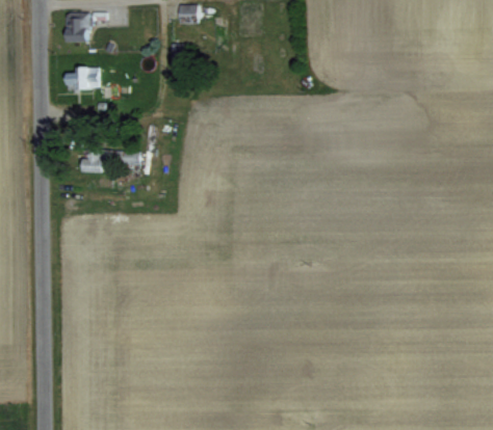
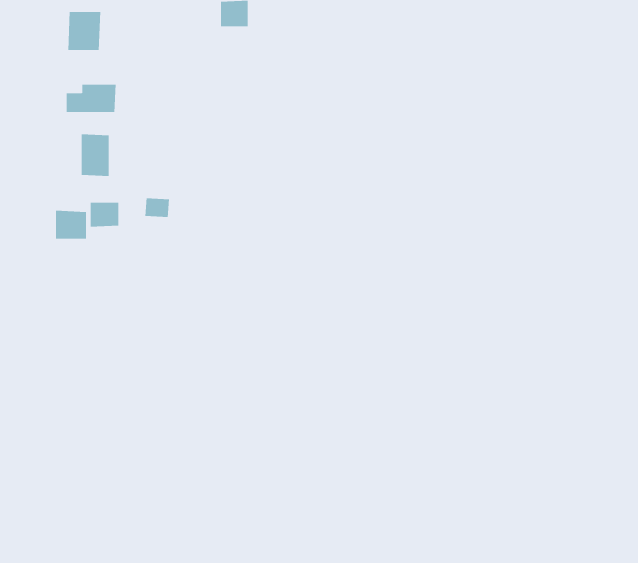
building: none -> [81,133,109,177]
building: none -> [55,210,86,239]

